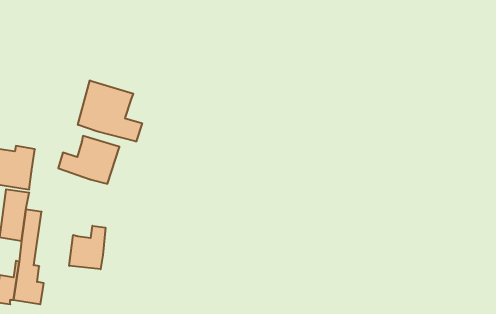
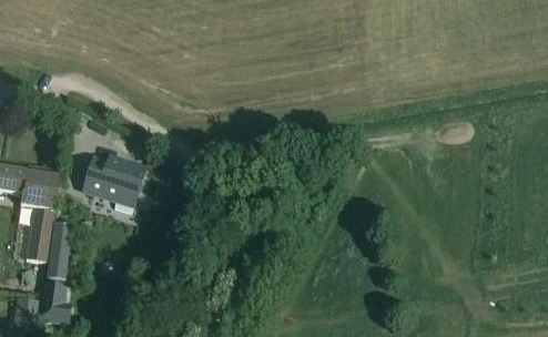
building: [78,80,142,142] -> none
building: [69,226,105,269] -> none

